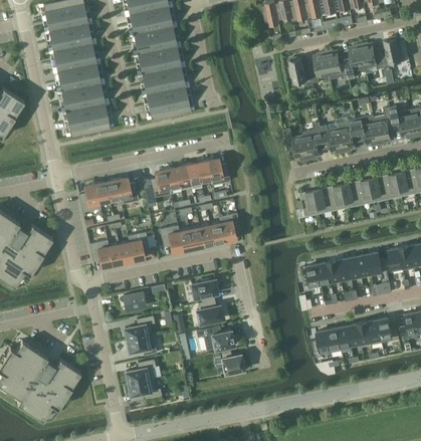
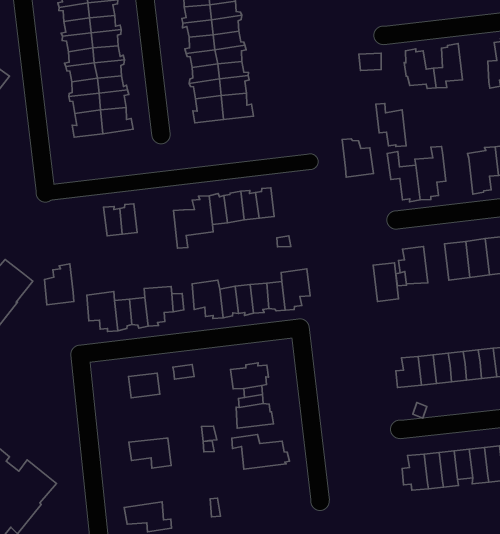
building: [326,50,349,78] -> none
building: [322,125,345,153] -> [376,104,406,146]
building: [208,159,231,185] -> [342,139,373,177]
building: [117,178,140,204] -> none
building: [80,183,101,212] -> [45,264,74,305]
building: [314,187,334,214] -> [373,263,399,301]
building: [126,315,155,340] -> none
building: [214,350,247,374] -> none
building: [127,359,156,384] -> none

